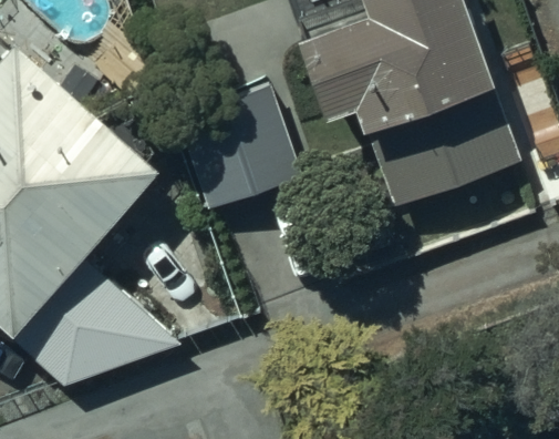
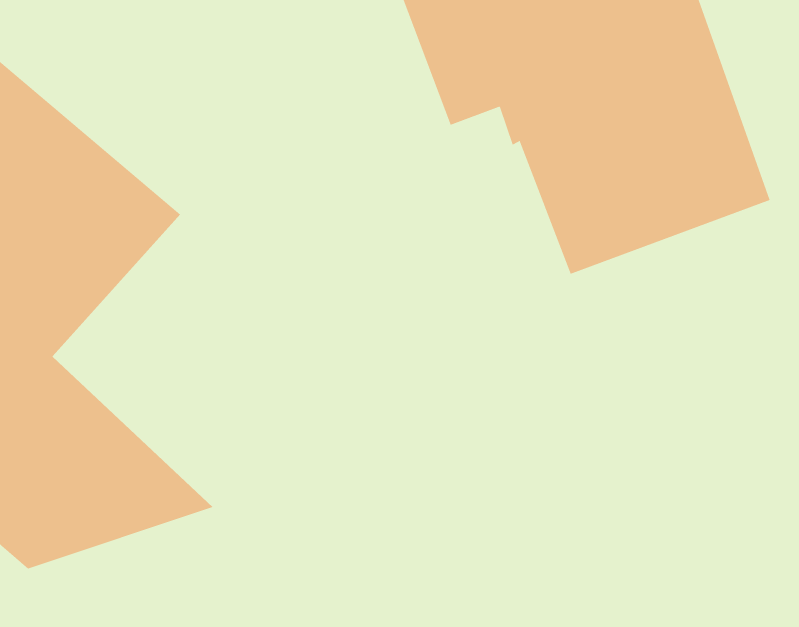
building: [180,89,301,210] -> none

